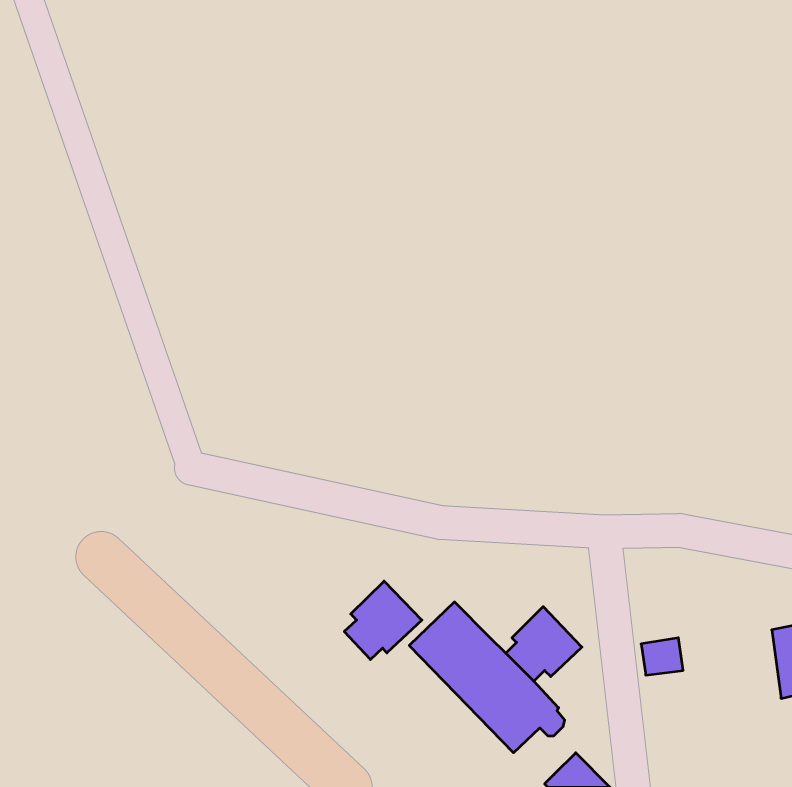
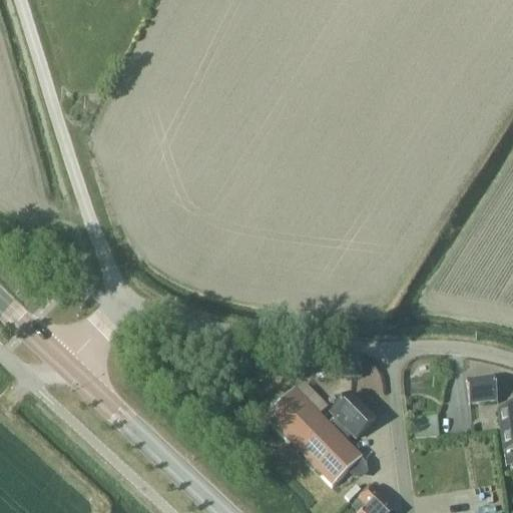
building: none -> [467,374,498,402]
building: [344,581,422,660] -> none

